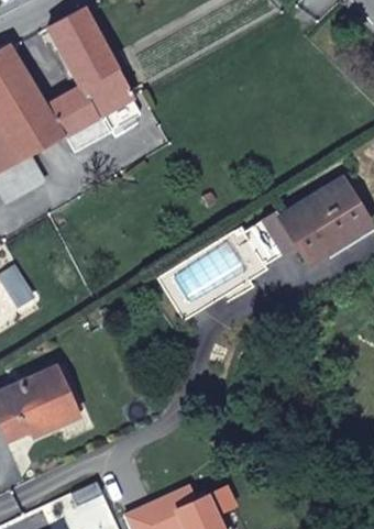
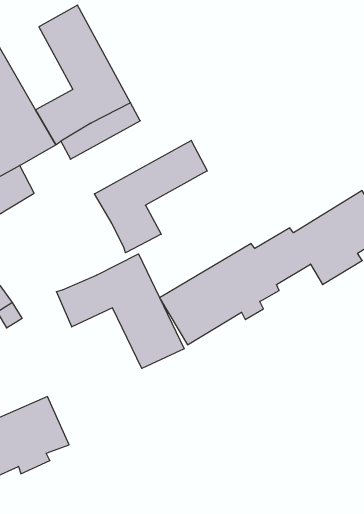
building: none -> [94,140,207,253]
building: none -> [56,254,184,368]

